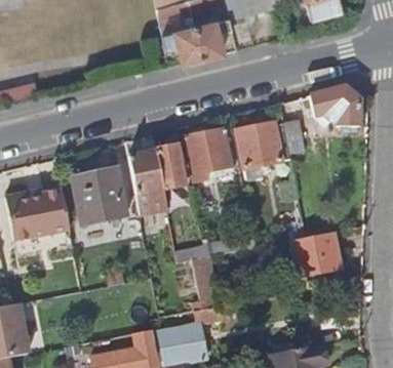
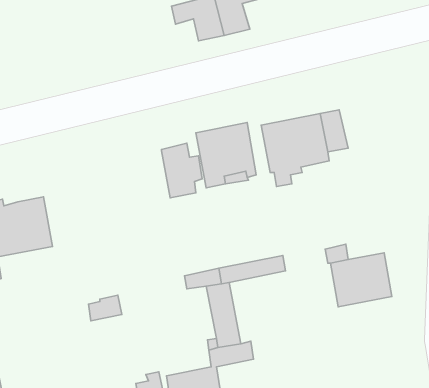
building: [309,87,359,127] -> none
building: [129,151,167,214] -> none
building: [73,166,128,226] -> none

